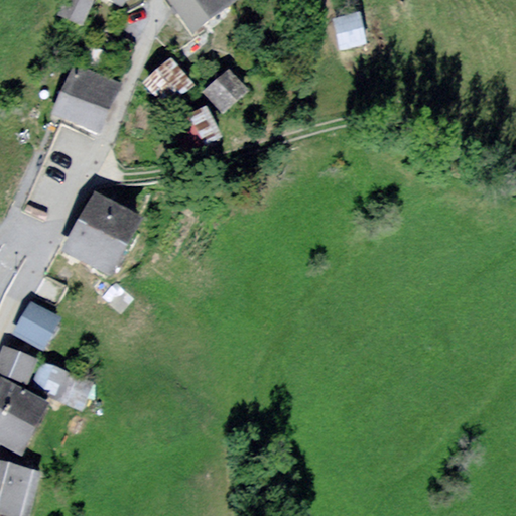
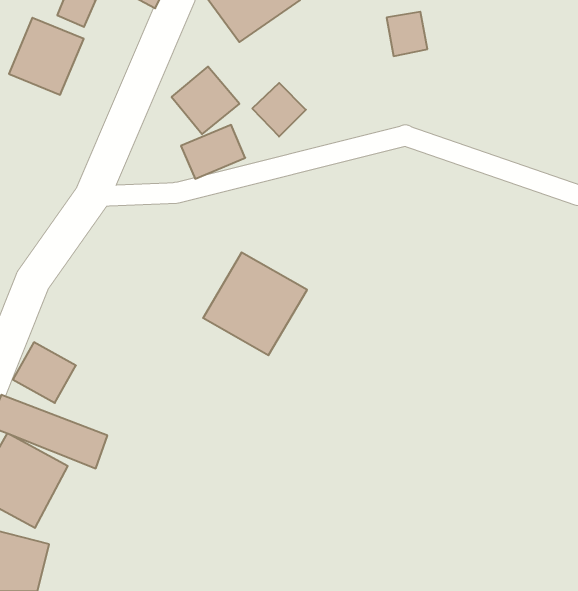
building: [48,60,113,127] -> [9,18,84,95]
building: [69,194,158,282] -> [203,252,307,355]

